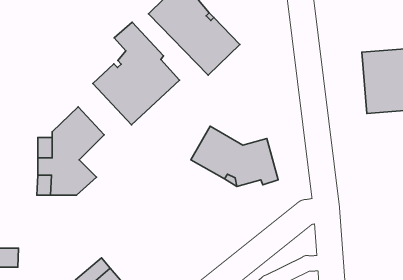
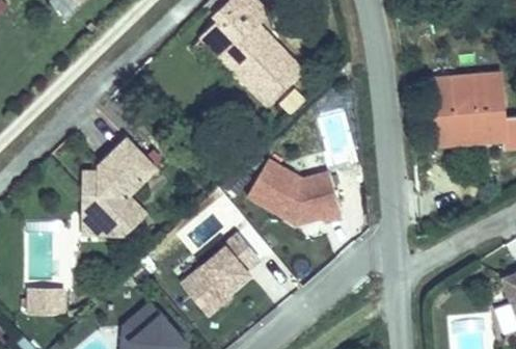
building: [93,22,179,125] -> none
building: none -> [184,238,254,314]

